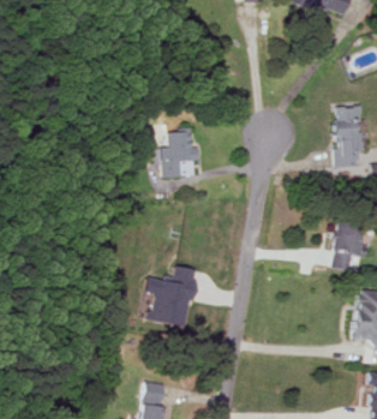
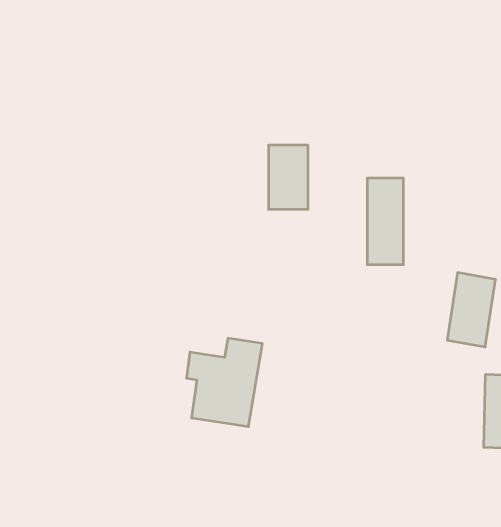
building: [335,107,360,167] -> [367,178,403,265]
building: [168,132,196,176] -> [268,145,308,209]

